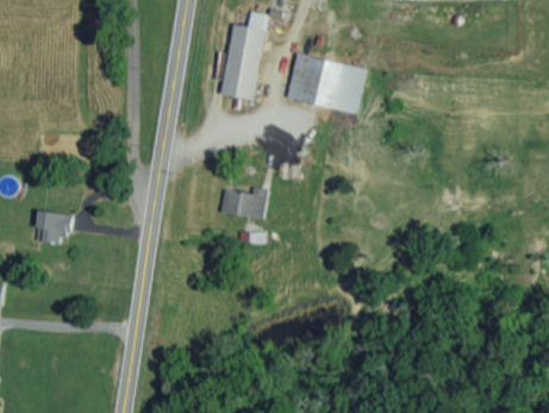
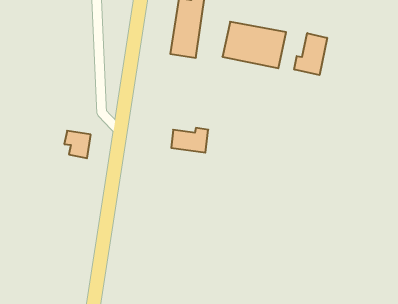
building: none -> [294,33,327,75]
building: [36,211,69,245] -> [64,131,91,158]

